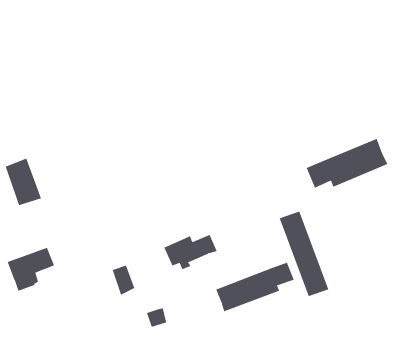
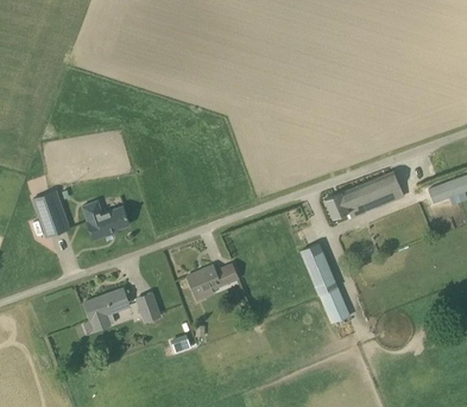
building: none -> [82,198,131,239]
building: [7,247,55,291] -> [84,287,131,330]
building: [215,262,294,312] -> none

